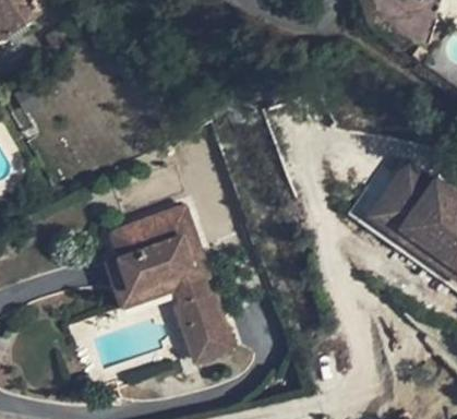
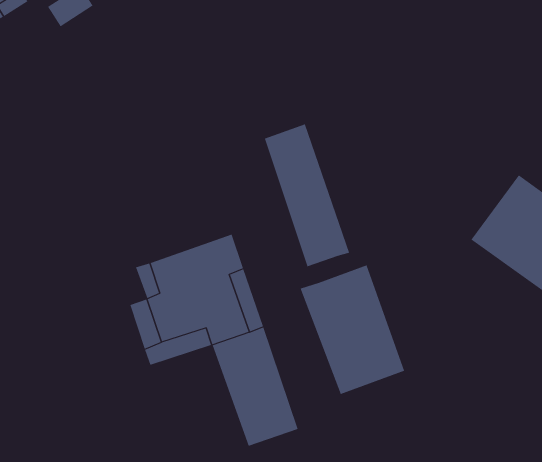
building: none -> [264,124,350,267]
building: none -> [300,265,405,395]

